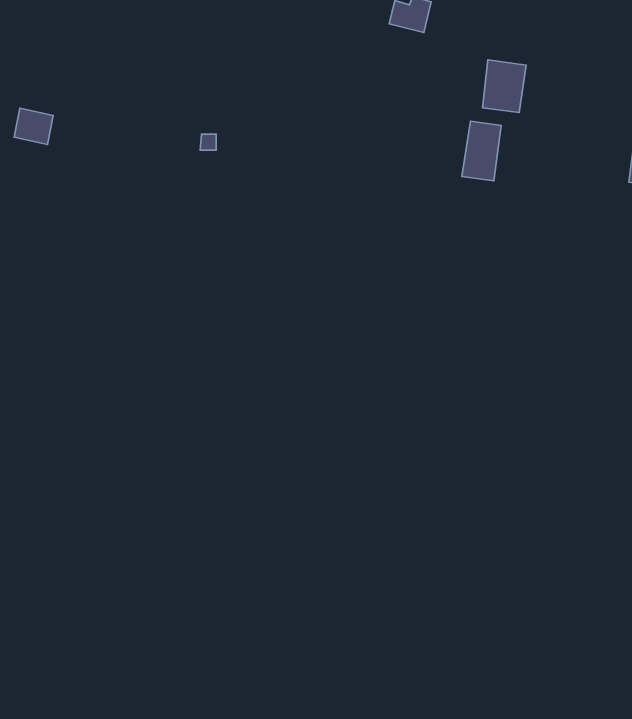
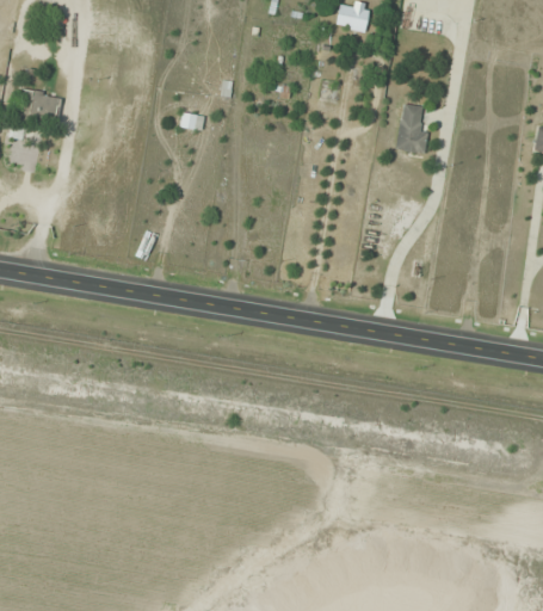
building: [483,60,526,113] -> none

